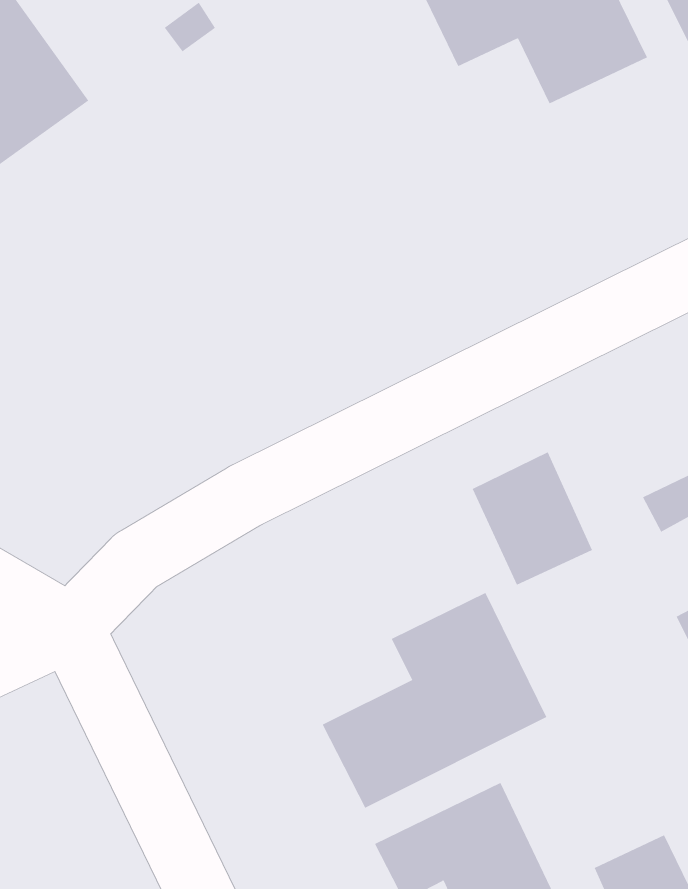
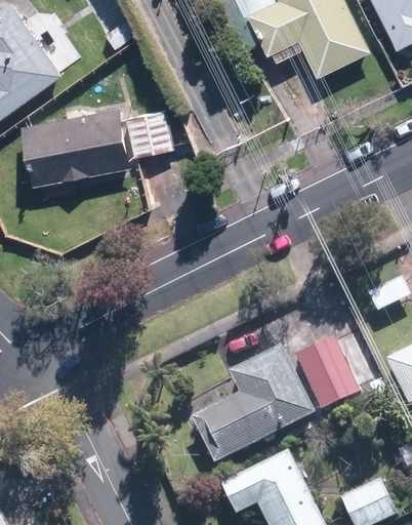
building: none -> [20,108,130,186]
building: none -> [125,110,174,157]
building: [472,451,593,586] -> [294,337,361,411]

